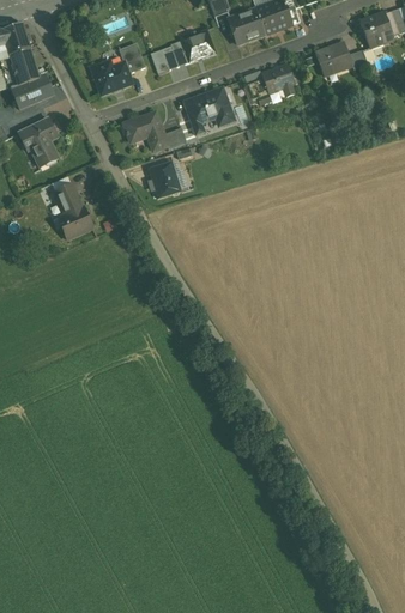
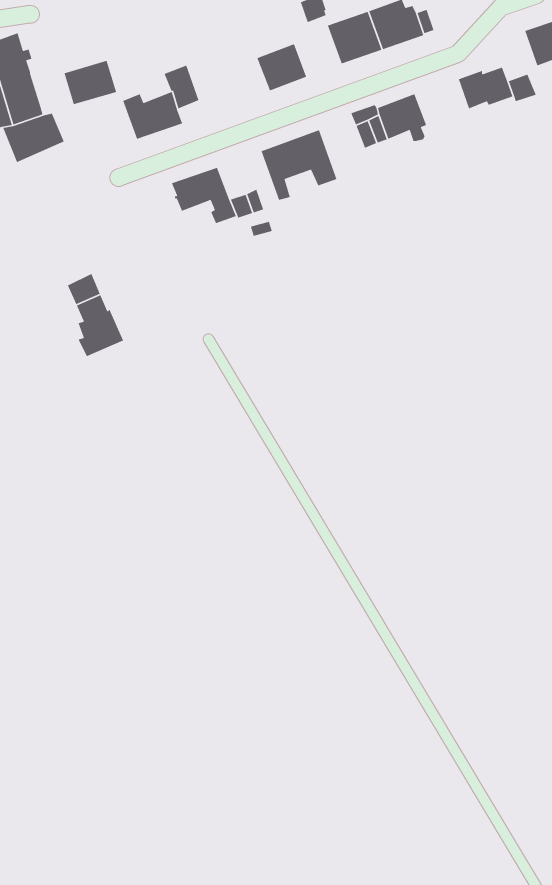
building: [150,40,189,73] -> none
building: none -> [63,60,117,105]
building: [18,116,59,163] -> none
building: [149,160,181,198] -> none

